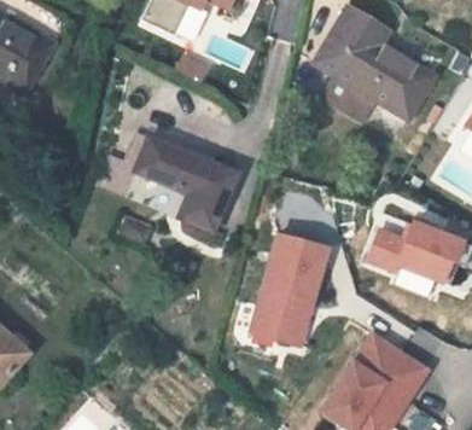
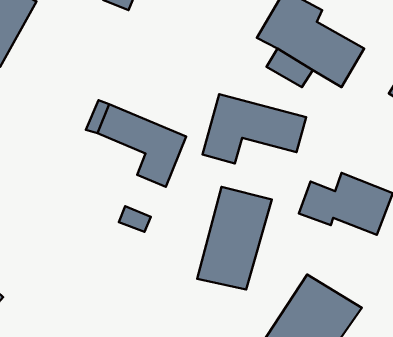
building: none -> [202,94,306,163]

